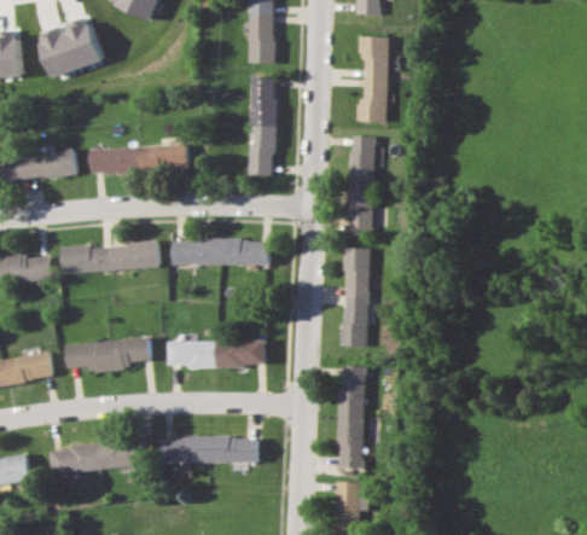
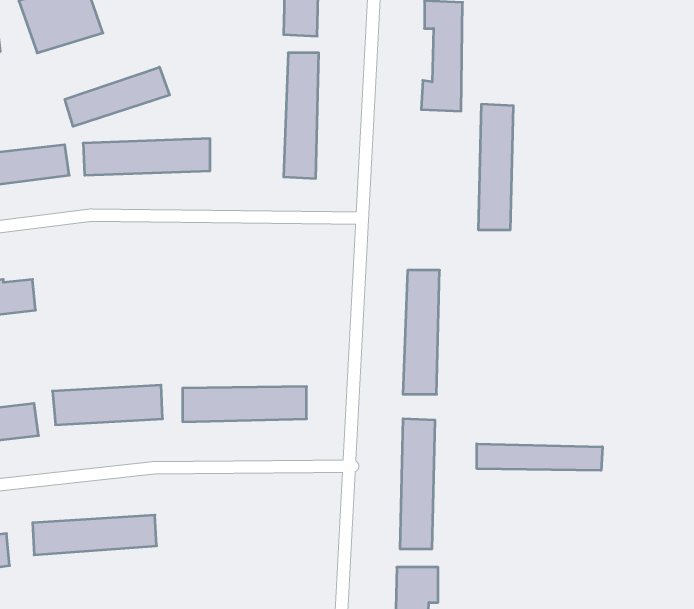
building: none -> [65,67,170,126]
building: [348,135,376,234] -> [478,104,513,230]
building: [172,238,271,266] -> none
building: [62,242,159,272] -> none
building: none -> [477,444,602,470]
building: [158,436,260,470] -> none

